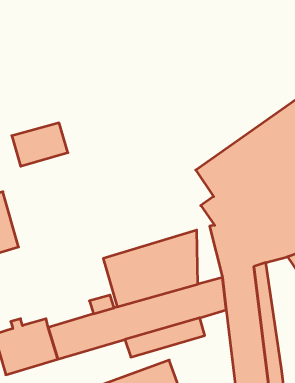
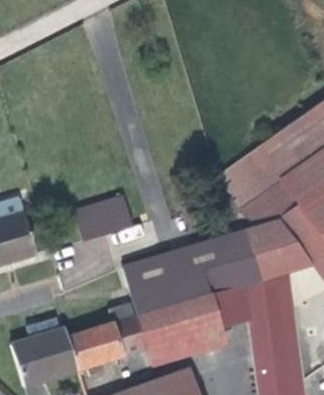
building: [12,123,68,166] -> [75,195,132,240]
building: none -> [219,233,245,292]

